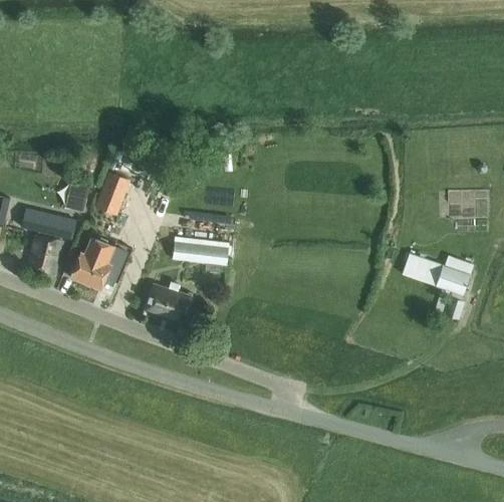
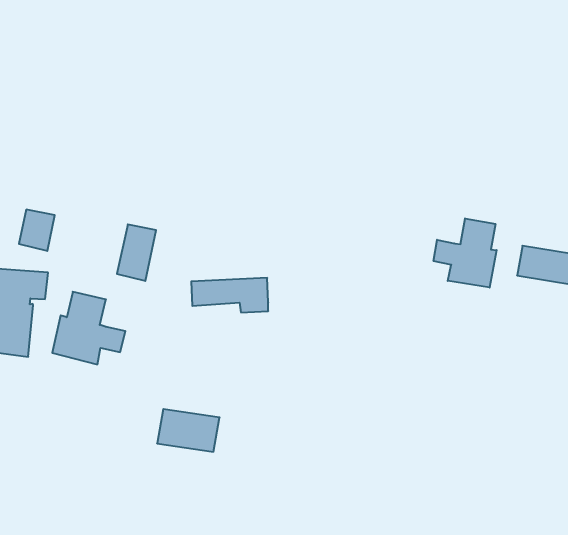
building: [97,173,130,214] -> [117,224,156,281]
building: none -> [434,218,497,288]
building: [146,285,192,320] -> [157,409,220,452]

